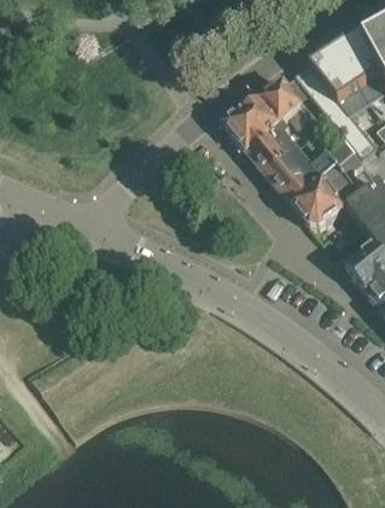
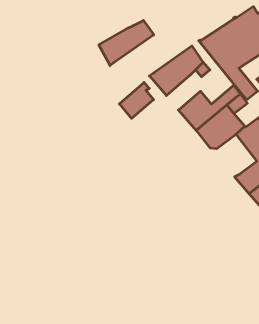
building: none -> [99,20,154,66]
building: [246,117,294,168] -> [119,82,154,118]

